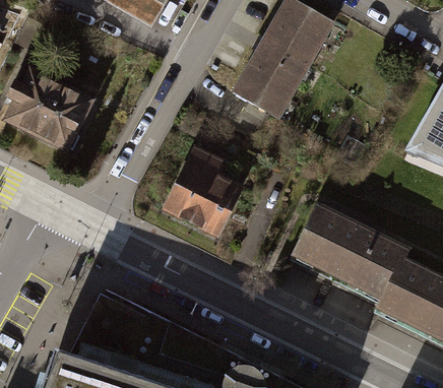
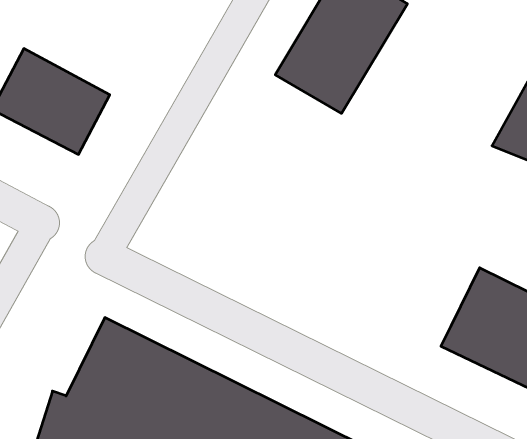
building: [165,149,255,238] -> none
building: [289,191,404,294] -> none

